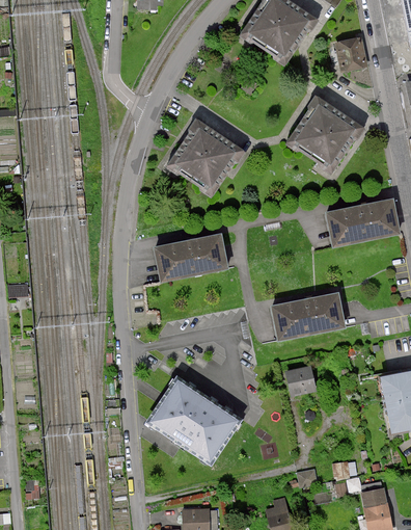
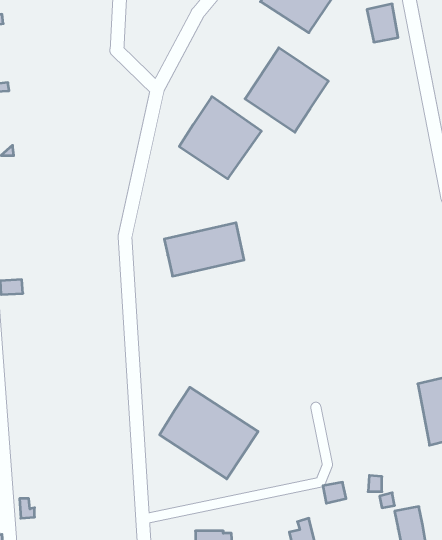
building: [285,97,360,173] -> [245,48,328,132]
building: [326,198,399,245] -> none
building: [272,293,344,339] -> none
building: [285,368,316,394] -> none

